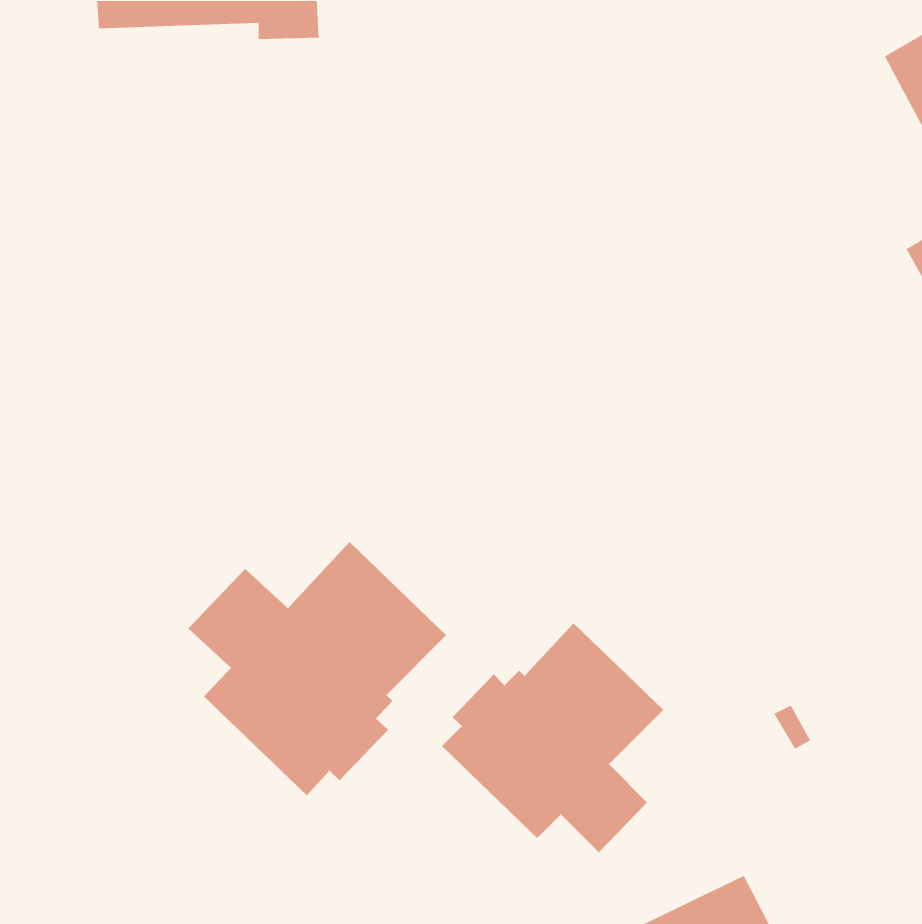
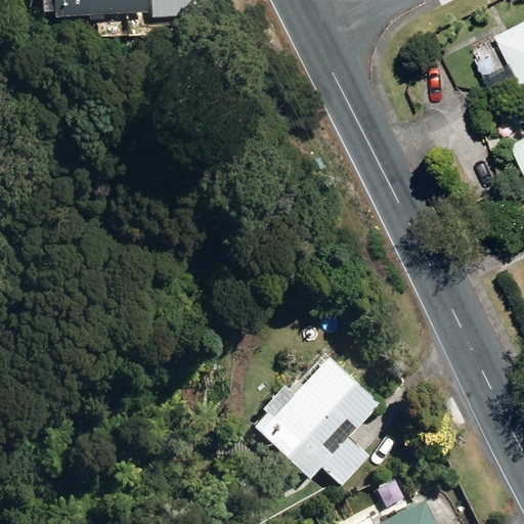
building: [187,541,447,796] -> none

